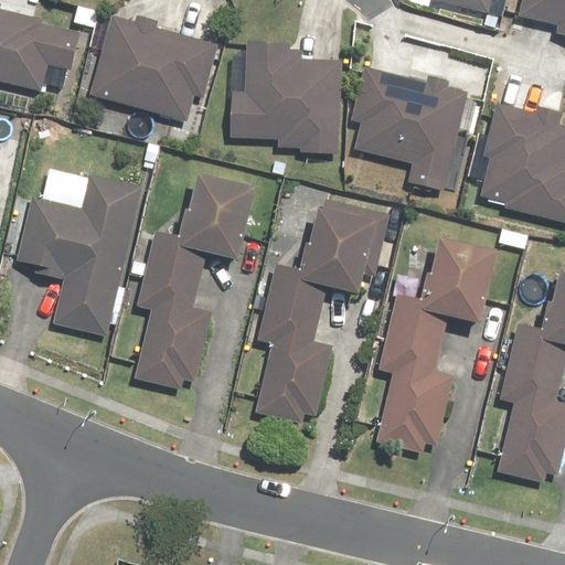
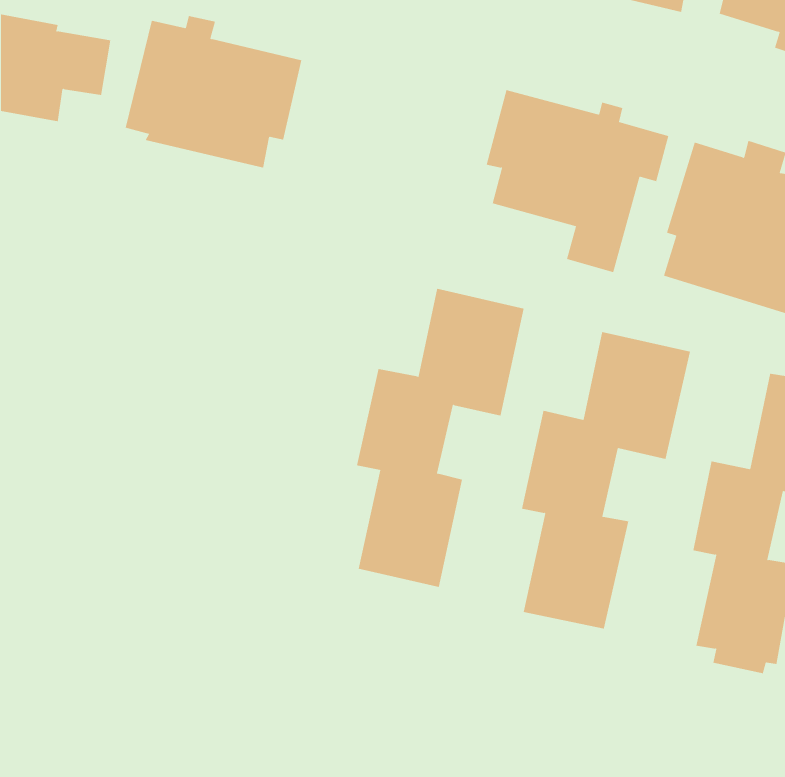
building: [232,42,343,156] -> none
building: [17,172,145,333] -> none
building: [136,174,257,388] -> none

